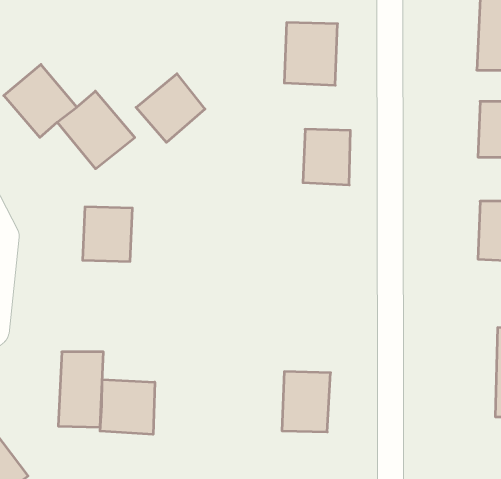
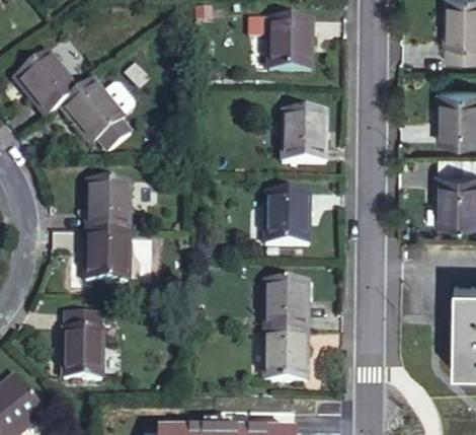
building: [136,74,205,142] -> none
building: none -> [266,195,309,242]
building: none -> [86,228,131,279]
building: none -> [265,278,308,327]
building: [100,380,155,434] -> none

